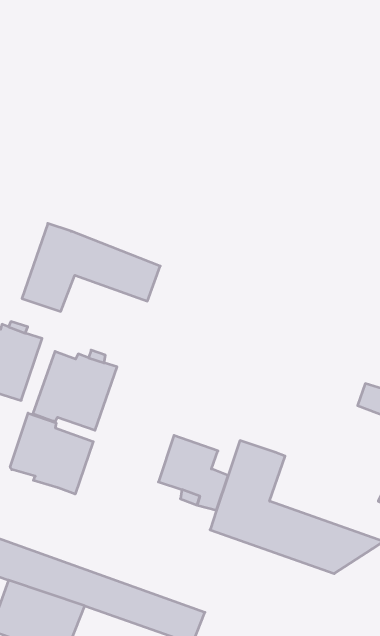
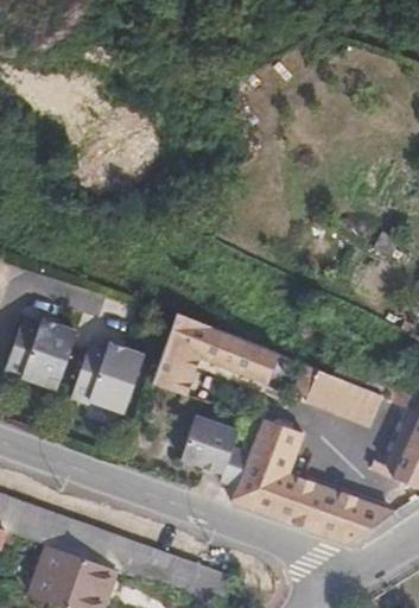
building: [22,223,160,311] -> [152,314,279,394]
building: none -> [298,368,376,425]
building: [10,413,93,494] -> none

